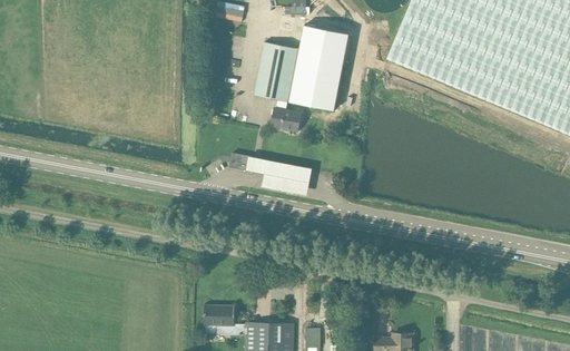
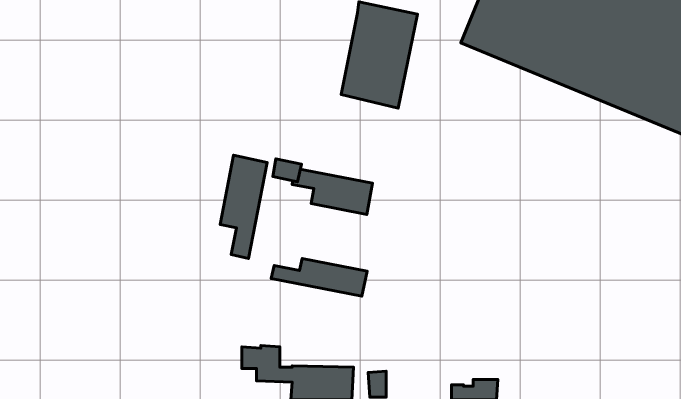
building: [254,28,302,130] -> none
building: none -> [220,155,267,259]
building: none -> [271,259,367,296]

